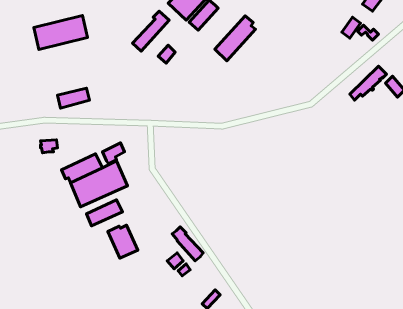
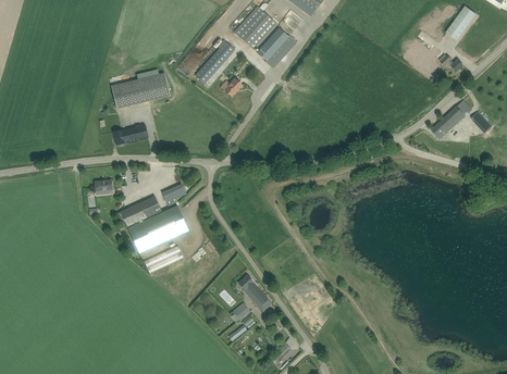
building: [34,16,88,50] -> [111,73,170,110]
building: [215,16,256,61] -> none
building: [108,225,138,258] -> none

